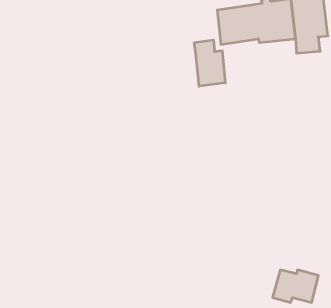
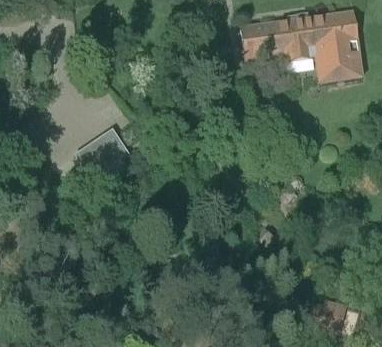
building: [194,40,225,86] -> none
building: none -> [76,129,131,179]

